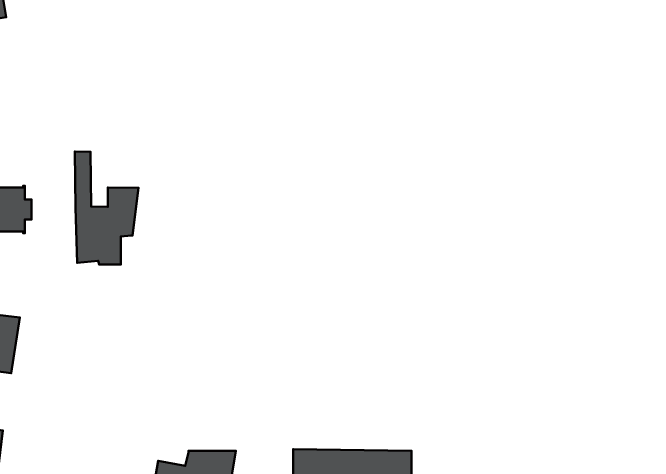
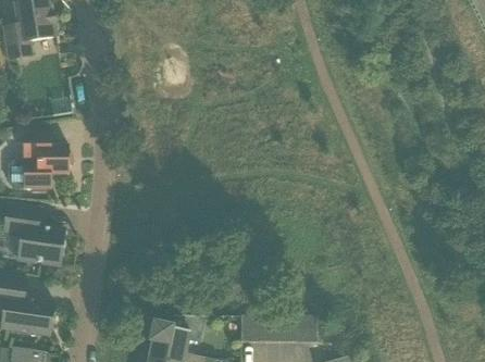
building: [75,152,139,265] -> none

